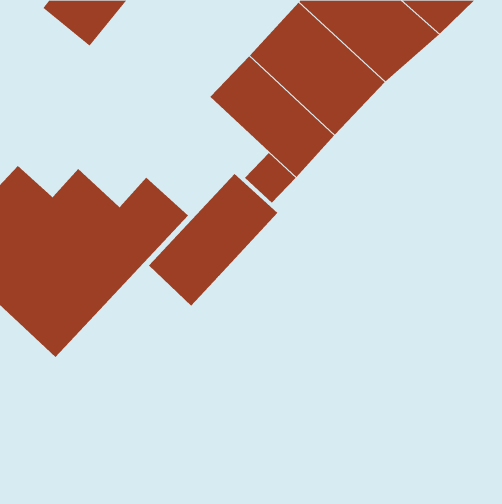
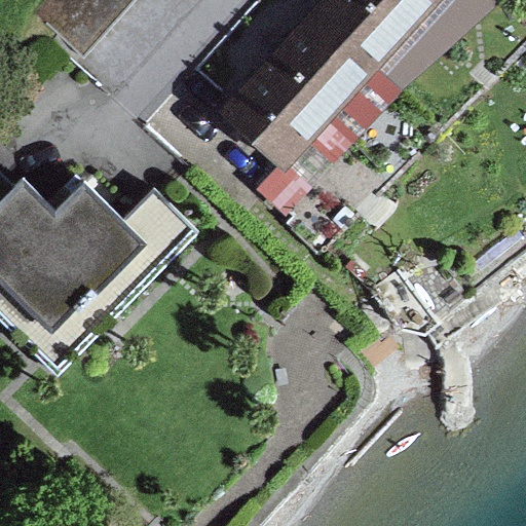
building: [148,173,278,307] -> none

